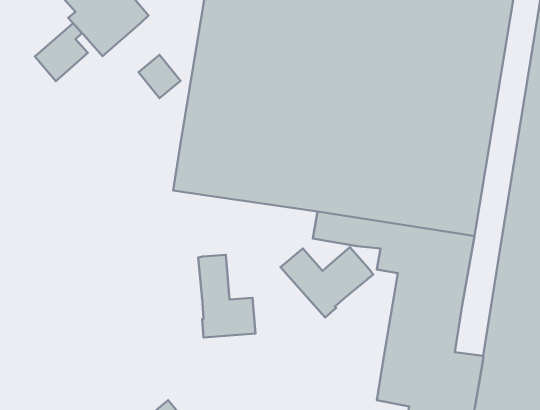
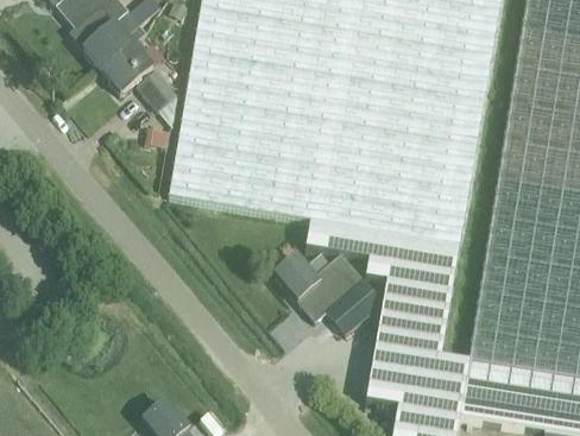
building: [35,23,88,81] -> [103,36,155,91]
building: [198,255,256,338] -> none
building: none -> [327,278,383,331]

